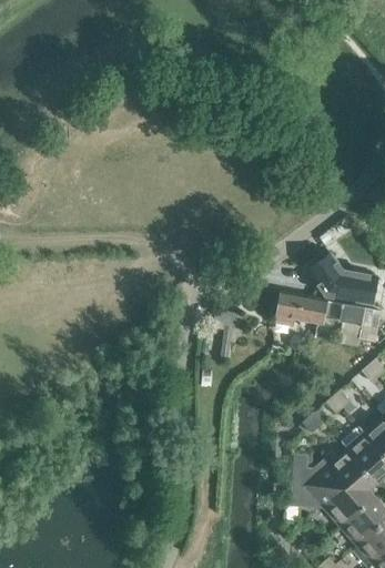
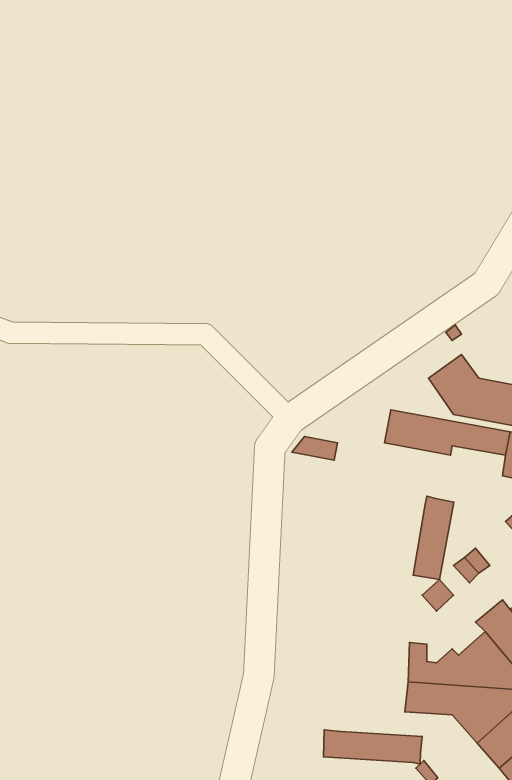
building: none -> [413,496,454,580]
building: none -> [324,730,422,764]

